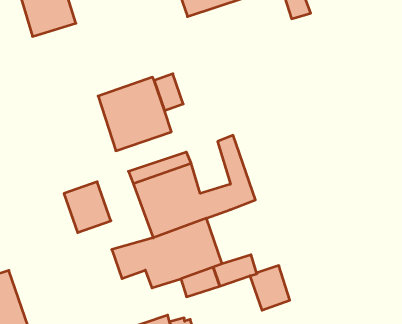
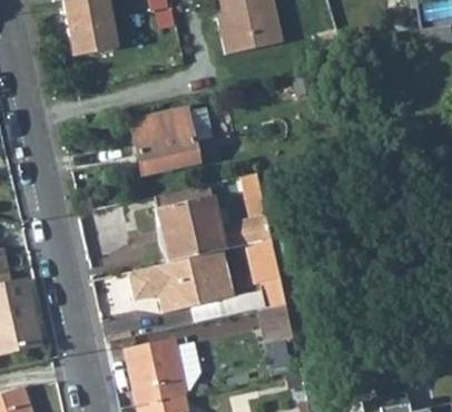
building: none -> [245,237,286,307]

